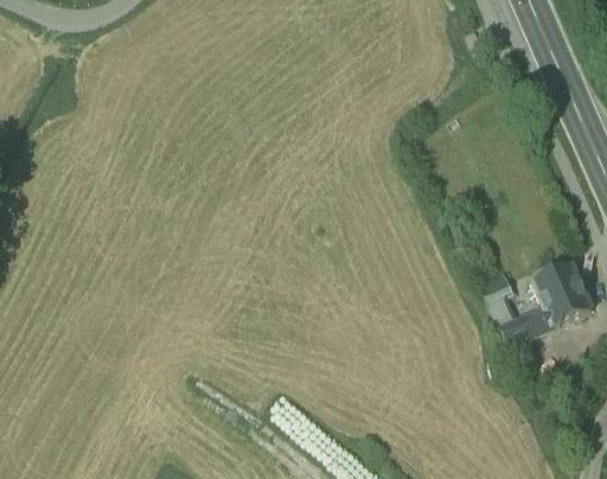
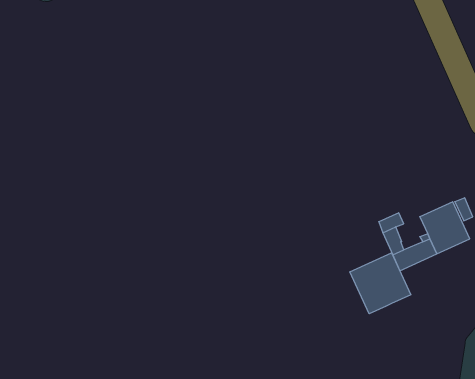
building: none -> [350,253,411,314]

